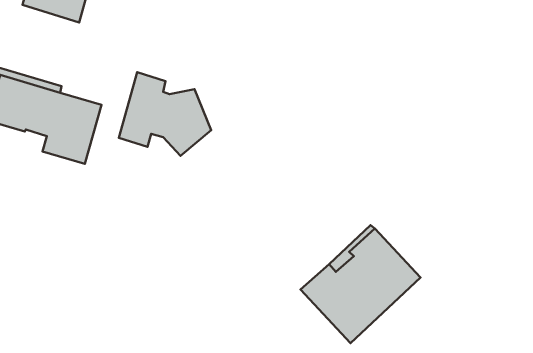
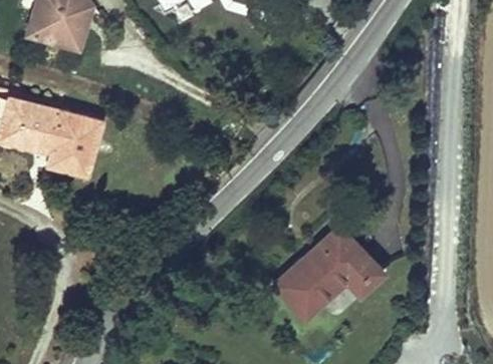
building: [119,72,211,156] -> none

